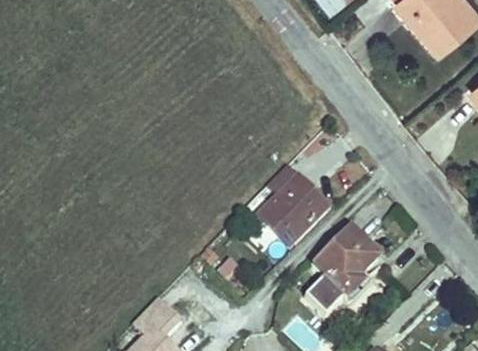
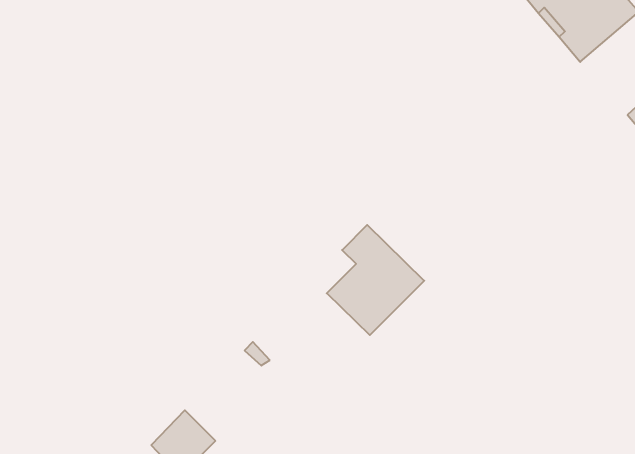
building: [302,228,378,317] -> none

